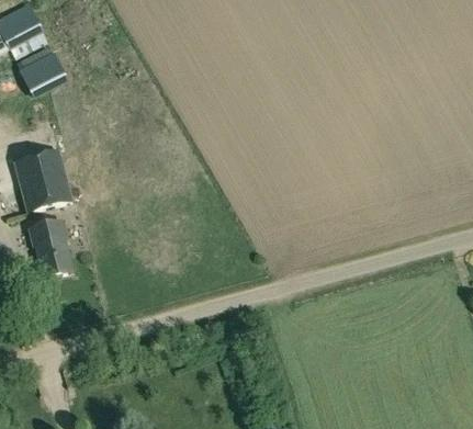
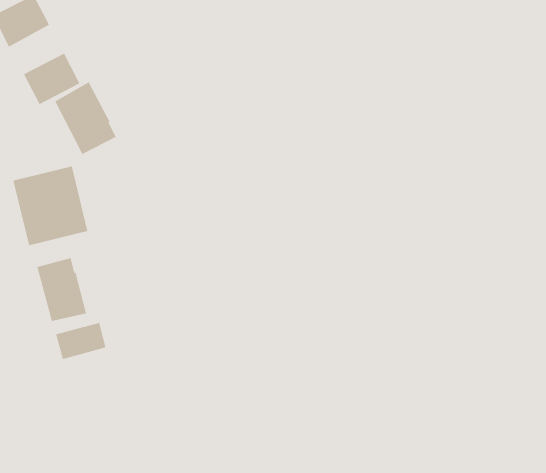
building: none -> [54,81,116,155]
building: none -> [56,322,106,360]

